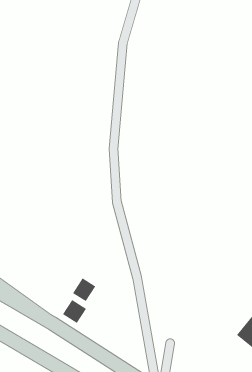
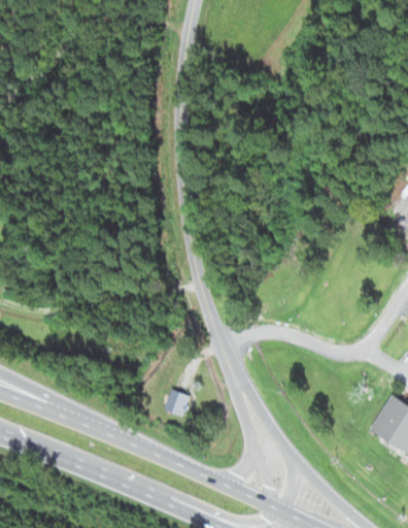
building: [62,299,87,324] -> none

